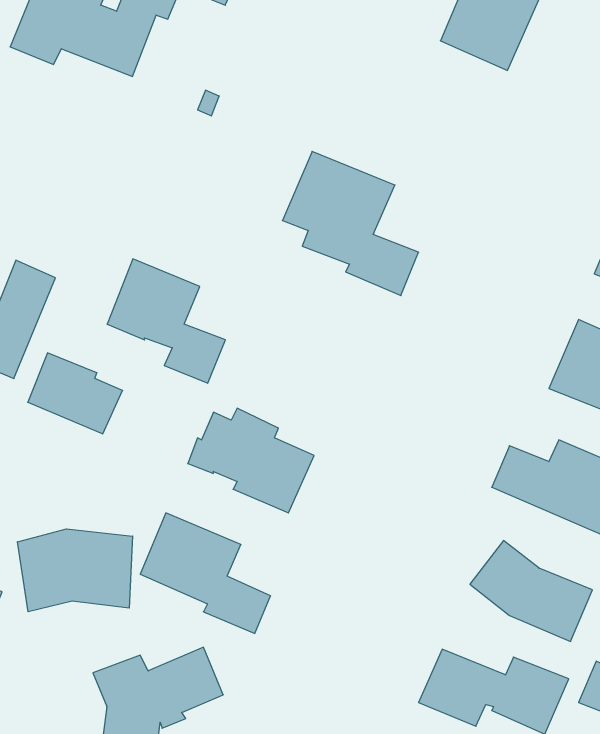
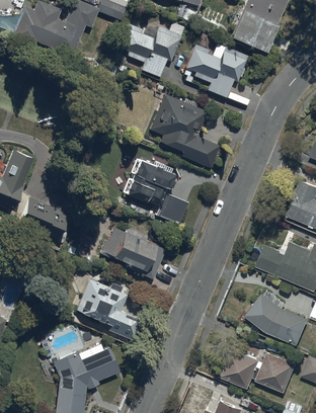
building: none -> [118,23,182,77]
building: none -> [186,44,248,98]
building: [107,259,225,383] -> [128,161,188,225]
building: [17,529,133,612] -> none

